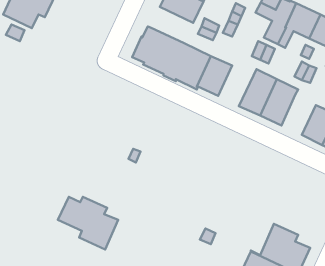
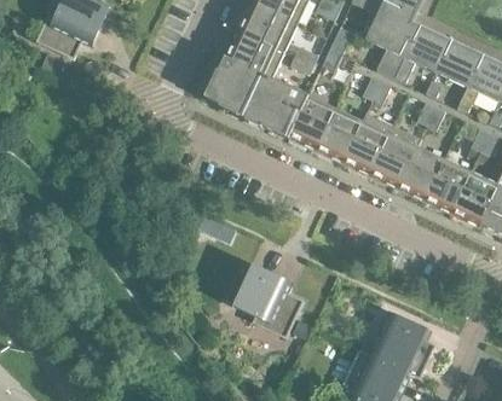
building: none -> [229,30,284,77]
building: none -> [317,106,363,159]
building: none -> [399,145,444,197]
building: [58,197,118,249] -> [225,268,304,337]

